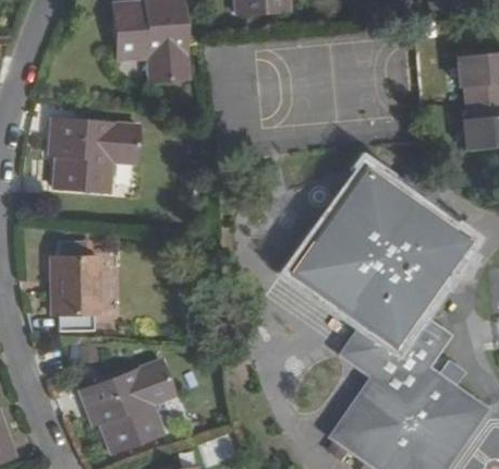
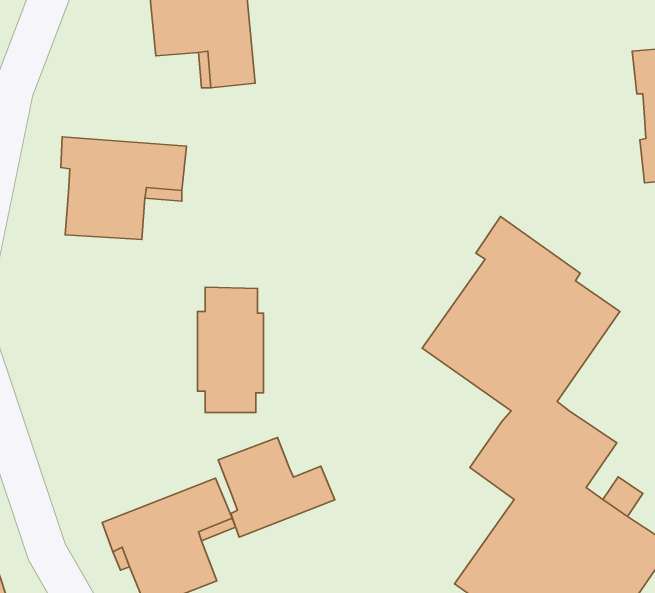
building: [292,169,464,321] -> none
building: [51,240,98,329] -> [198,287,263,413]
building: none -> [218,438,335,537]

